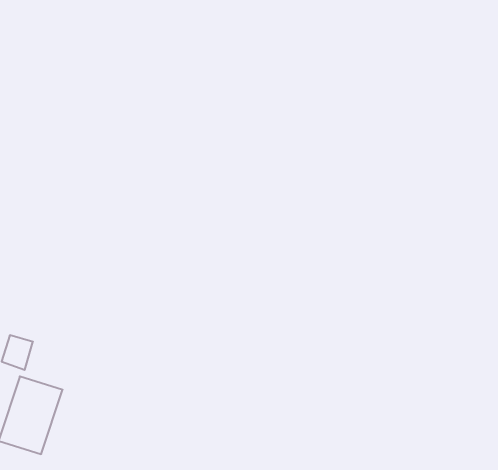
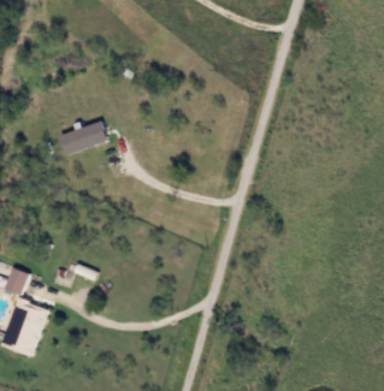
building: none -> [59,122,108,155]

